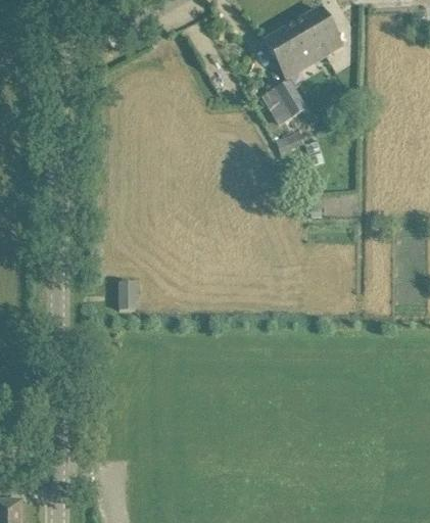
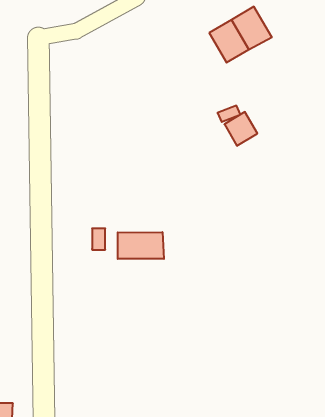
building: [264,82,304,124] -> [224,112,257,146]
building: none -> [118,232,164,259]

